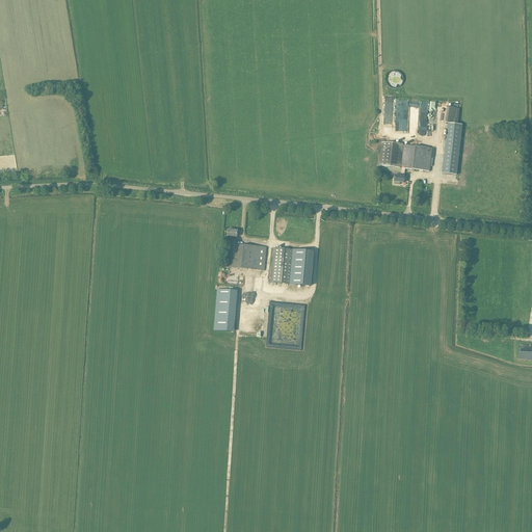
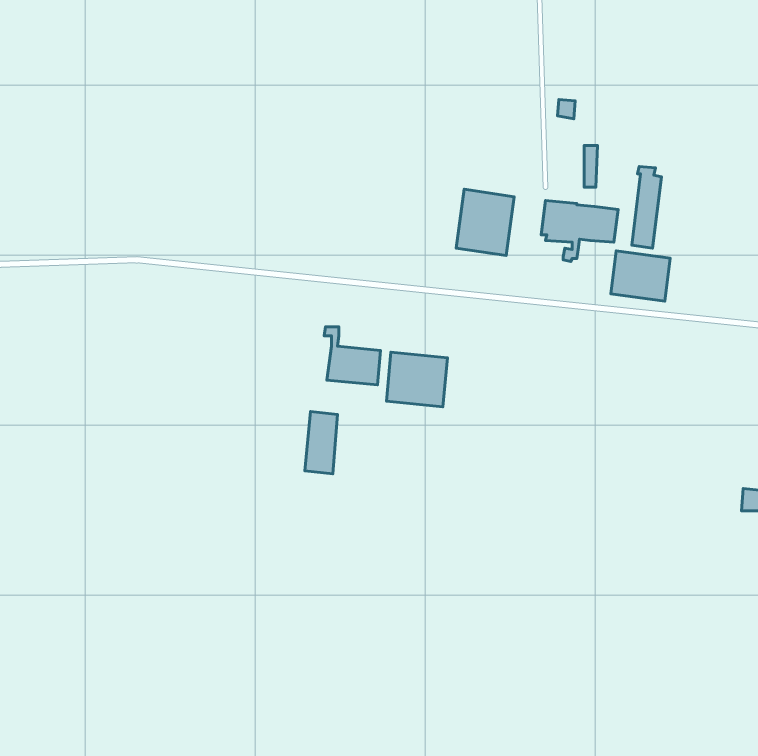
building: none -> [456,189,514,256]
building: none -> [611,251,670,301]

